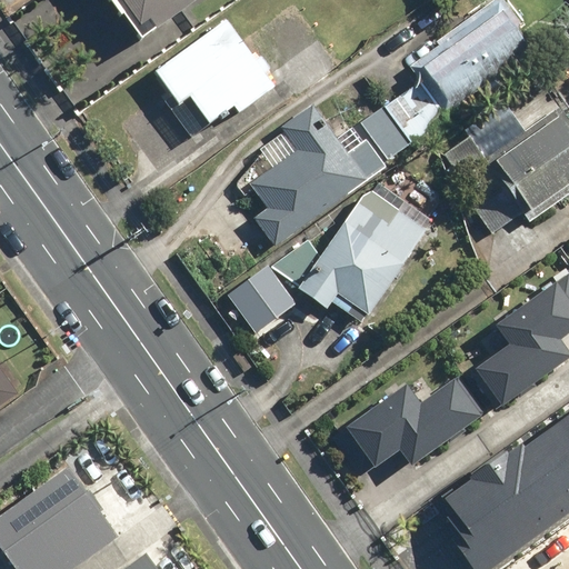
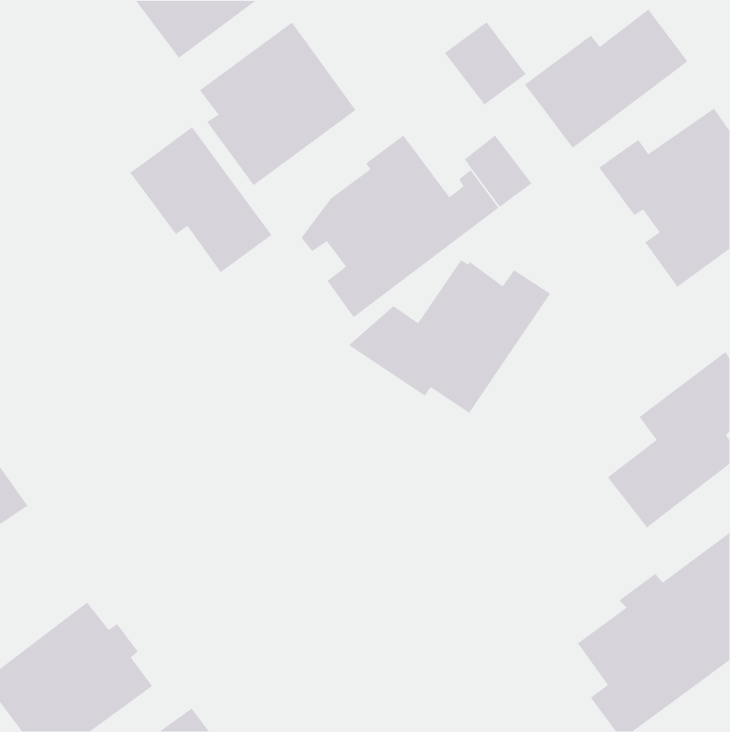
building: [385,80,449,146] -> [444,21,527,106]
building: none -> [129,126,272,273]
building: [213,266,289,333] -> none
building: [346,376,486,467] -> none

